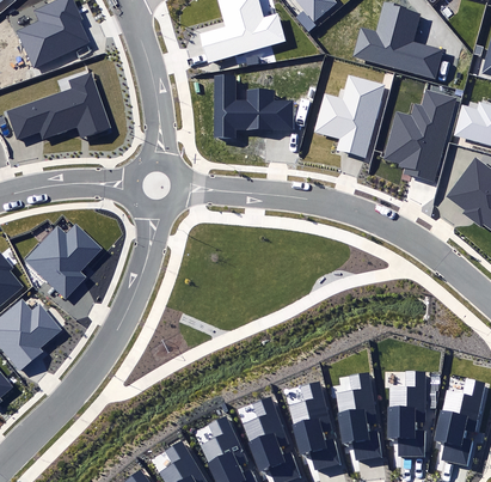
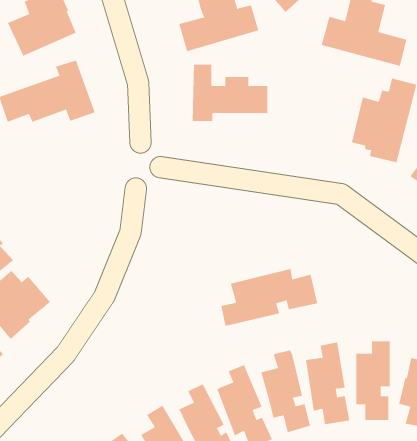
building: [314,75,385,158] -> none
building: [24,225,102,300] -> none
building: none -> [221,268,318,326]

